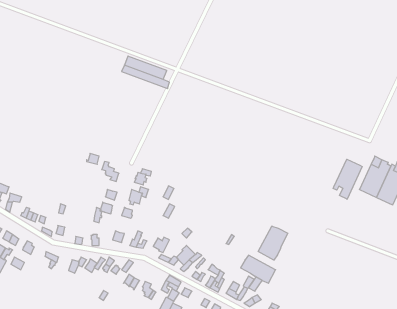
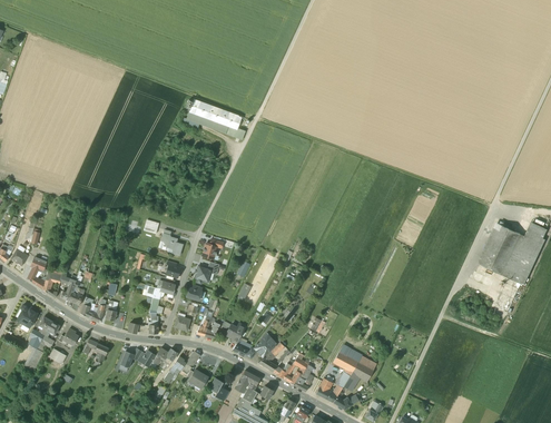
building: [333,159,362,199] -> none
building: [258,226,288,260] -> none

